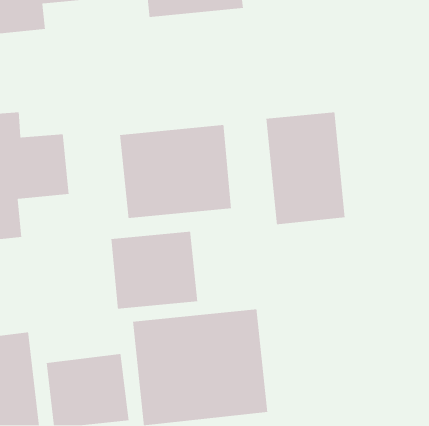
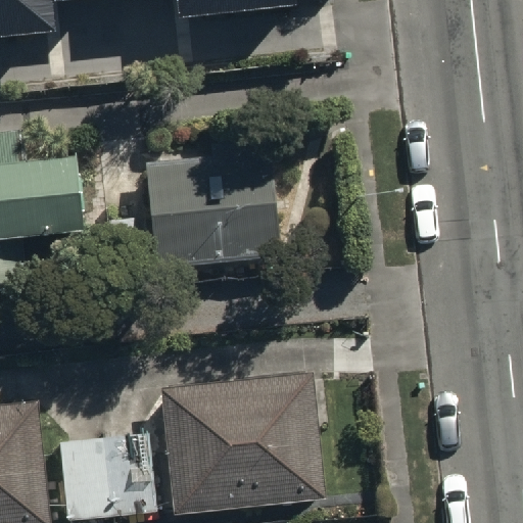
building: [266,112,345,225] -> none
building: [110,231,198,310] -> none

